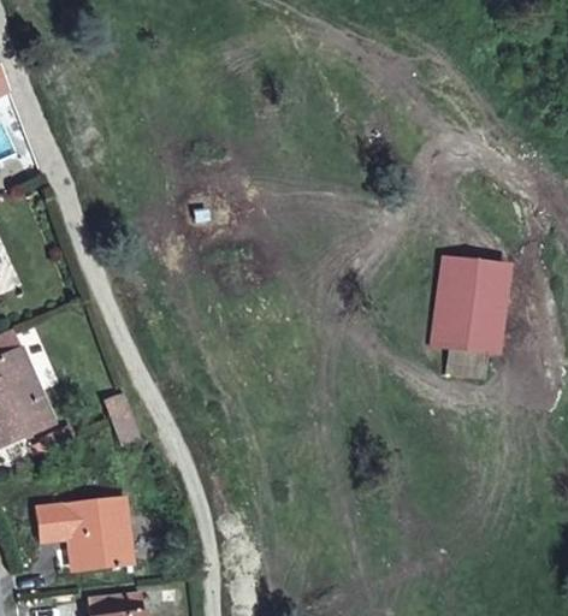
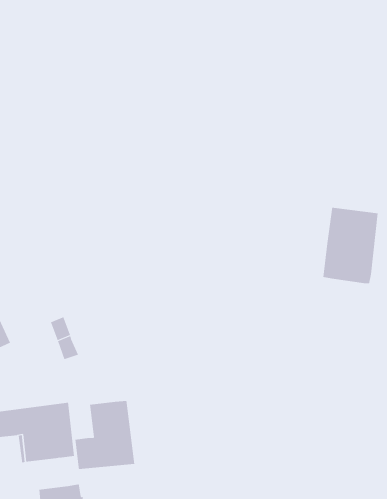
building: none -> [75,400,135,470]

